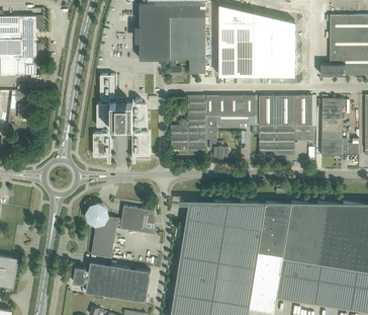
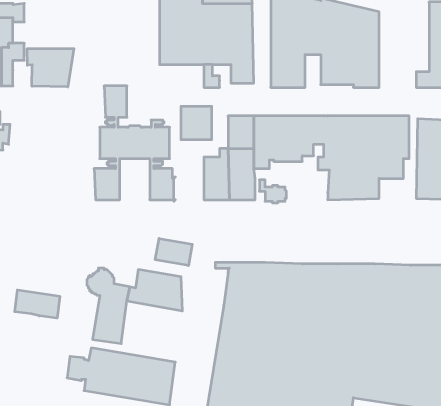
building: none -> [27,49,74,87]
building: none -> [181,106,212,140]
building: none -> [155,238,192,266]
building: none -> [15,290,60,318]

